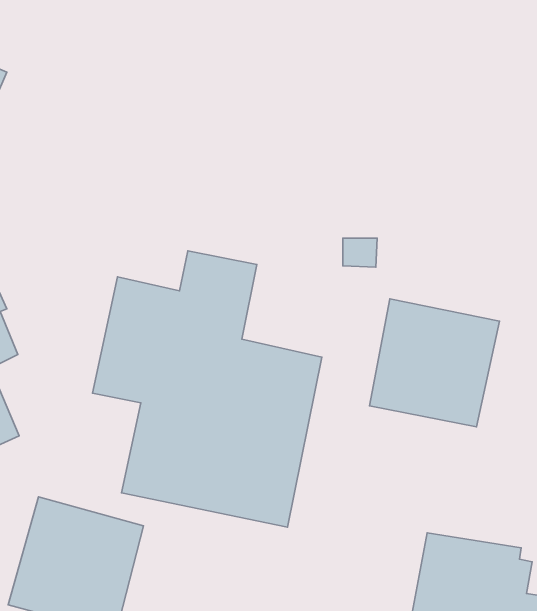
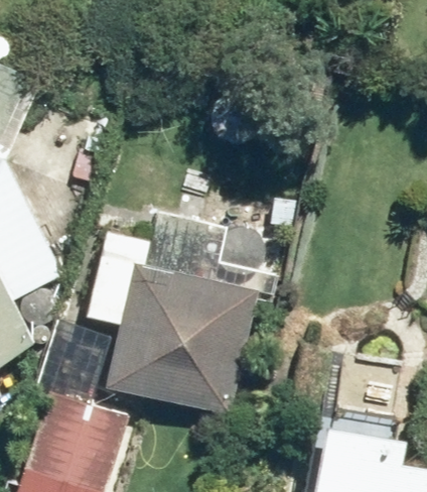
building: [369,299,499,427] -> none

